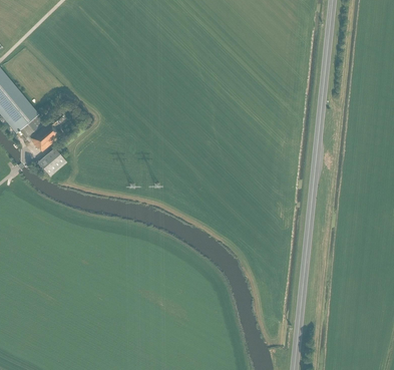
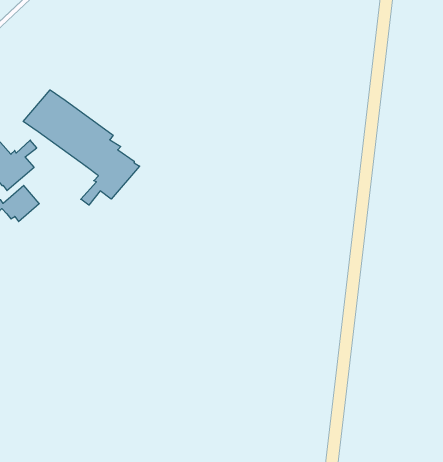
building: none -> [23,90,140,205]

